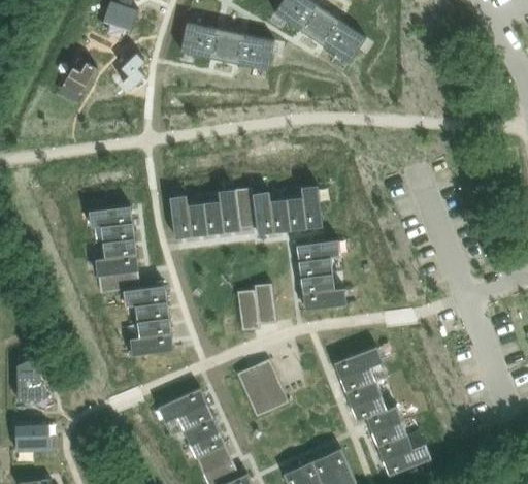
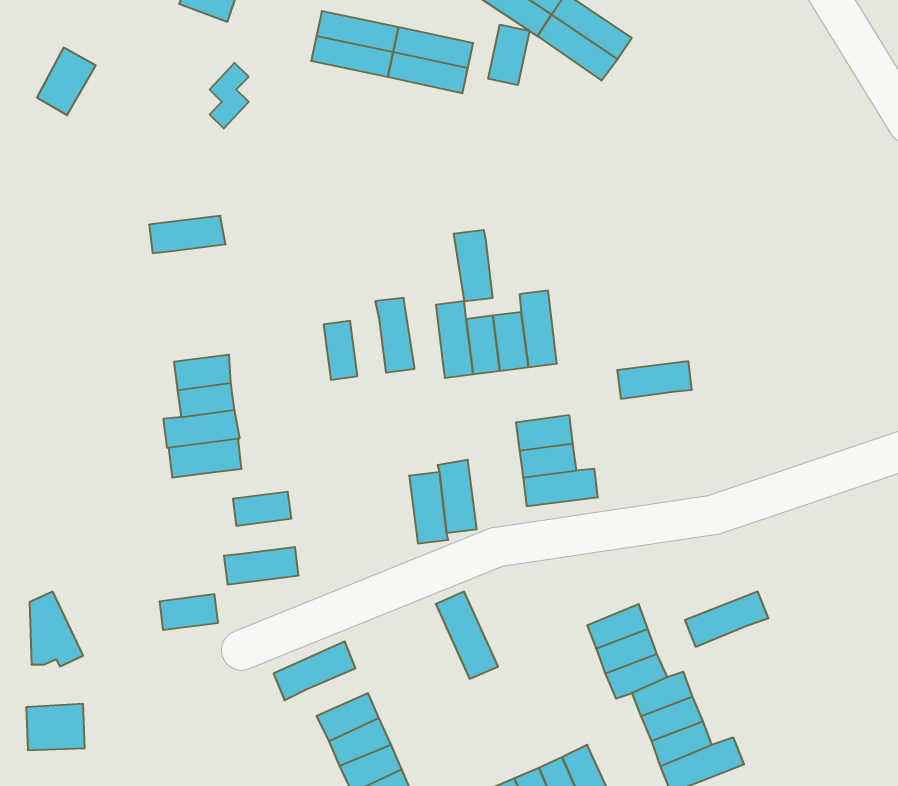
building: none -> [488,25,529,85]
building: [63,57,97,96] -> [37,48,96,115]
building: [234,188,257,229] -> [454,230,493,301]
building: [170,195,192,238] -> none
building: [203,200,224,234] -> none
building: [89,205,133,227] -> [149,216,226,253]
building: [297,239,340,261] -> [617,361,692,399]
building: [124,285,167,306] -> none
building: [137,317,171,337] -> [159,594,218,630]
building: [334,347,383,379] -> [685,592,769,647]
building: [237,366,272,417] -> none
building: [177,404,213,431] -> none

